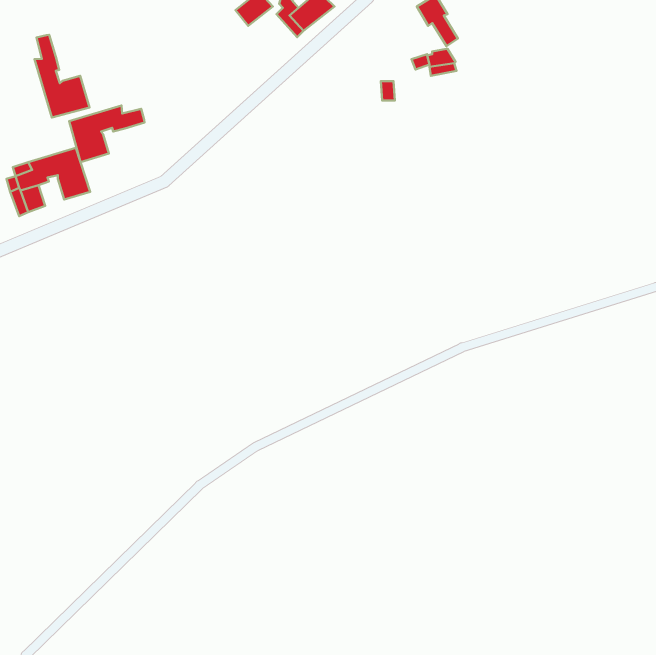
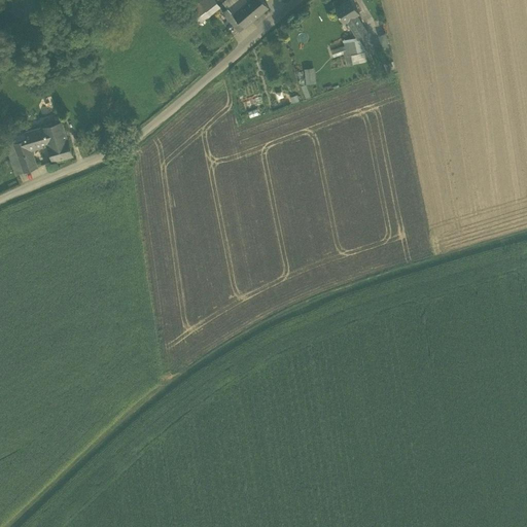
building: [34,35,90,117] -> none
building: [69,105,144,162] -> none

